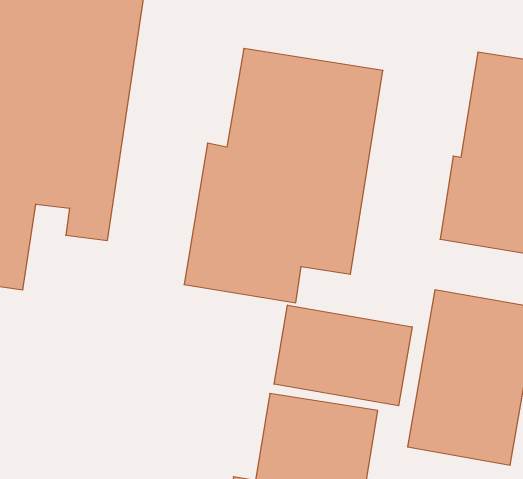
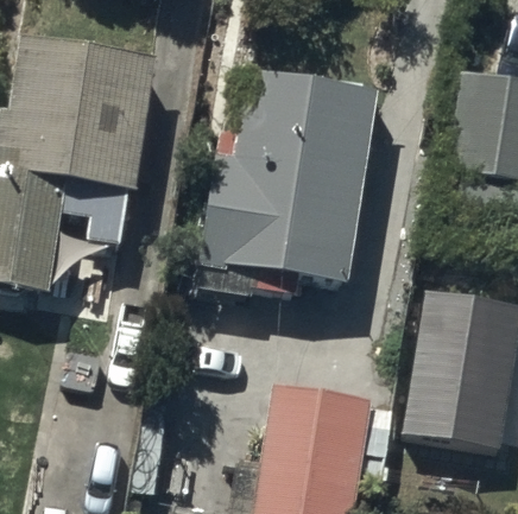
building: [274,305,412,406] -> none

